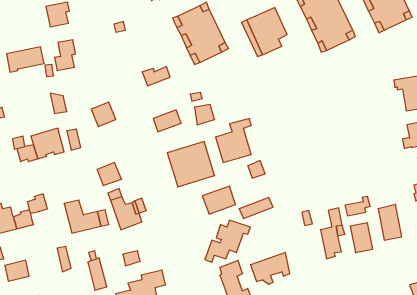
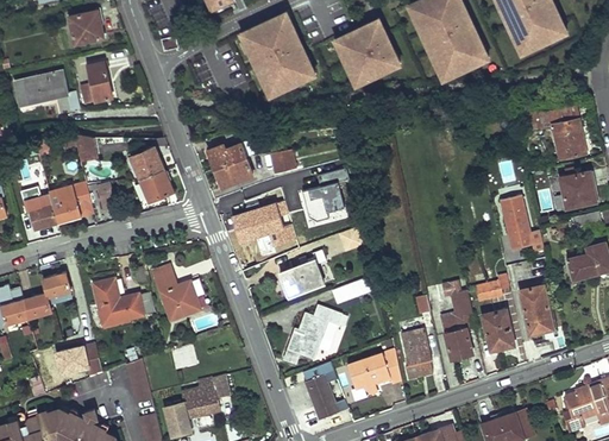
building: [142,67,170,86] -> [207,143,245,169]
building: none -> [501,195,532,248]
building: [97,163,122,185] -> [139,170,172,201]
building: none -> [401,329,432,378]
building: [5,260,29,281] -> [55,345,88,373]

